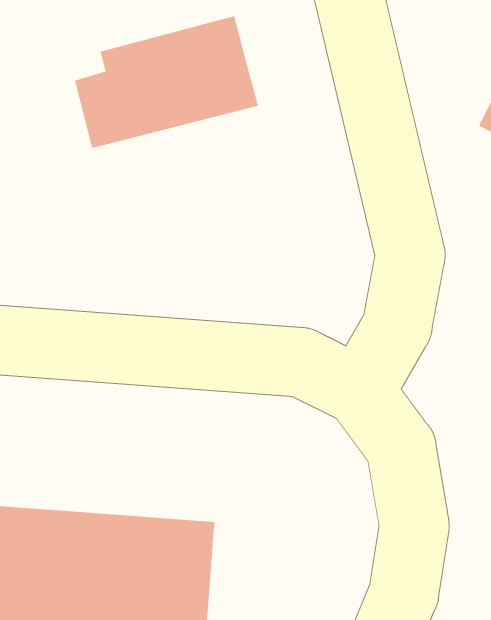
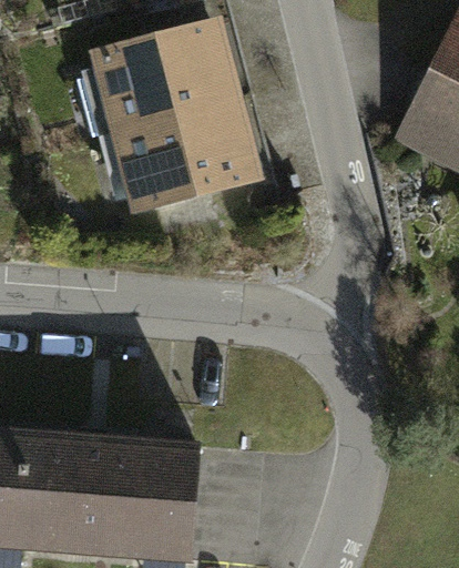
building: none -> [121,103,254,207]

